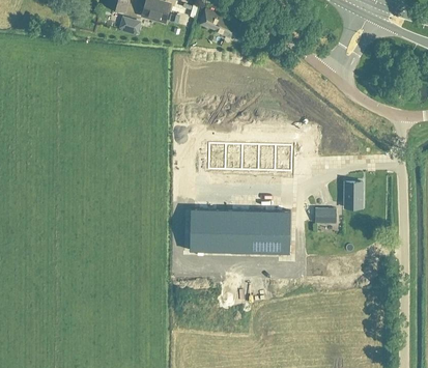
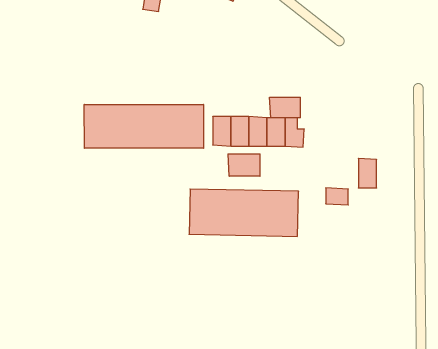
building: none -> [270,97,300,118]
building: none -> [84,104,204,148]
building: none -> [228,154,260,176]

